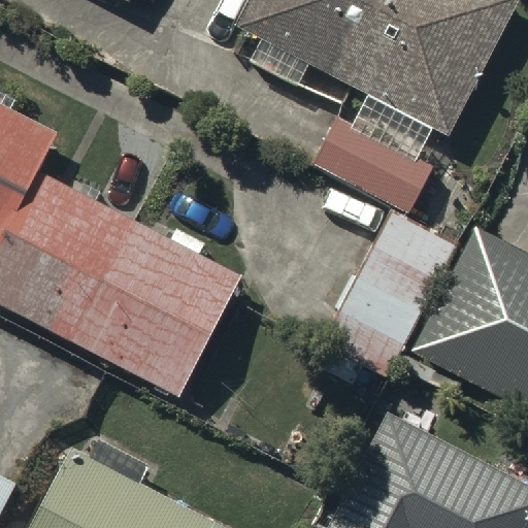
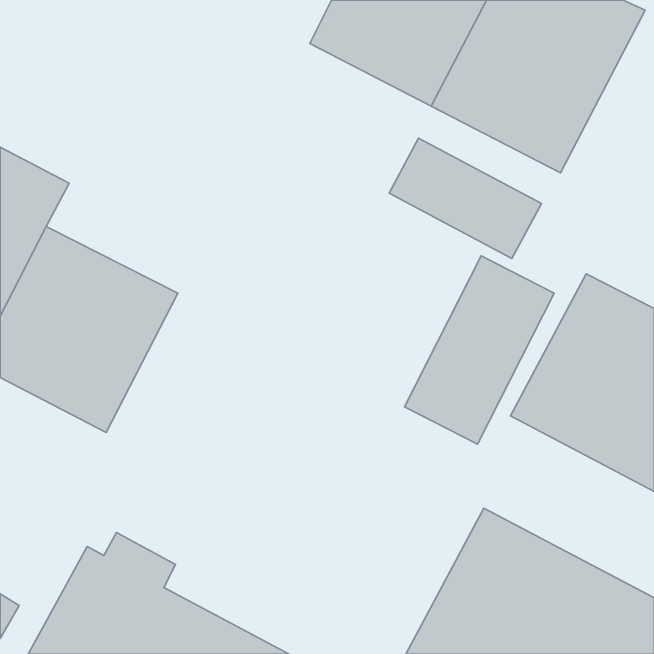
building: [86,236,243,399] -> none

